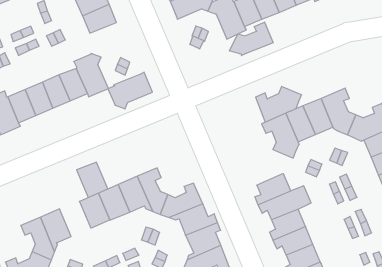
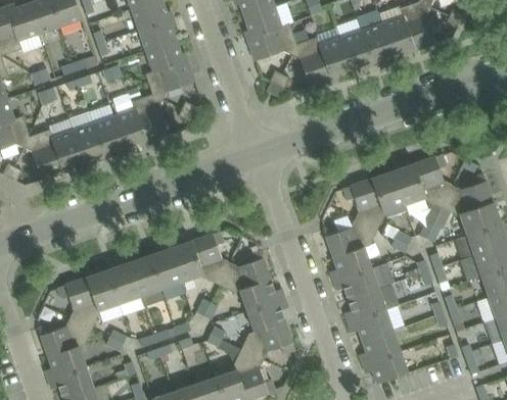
building: [229,22,273,56] -> none
building: [108,72,152,109] -> [144,58,195,99]
building: [256,86,302,122] -> [323,218,376,258]
building: [77,162,108,197] -> [103,263,138,303]

